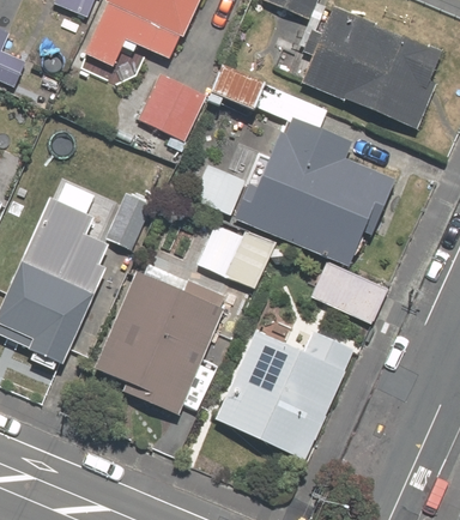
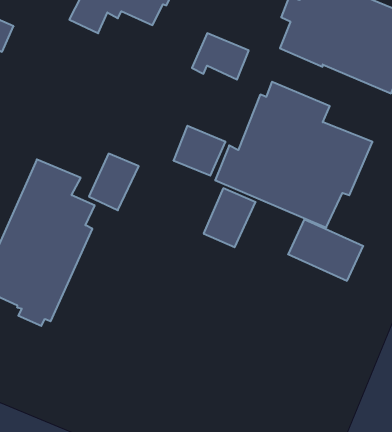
building: [137,71,206,149] -> none
building: [93,261,224,413] -> none
building: [214,326,353,460] -> none

